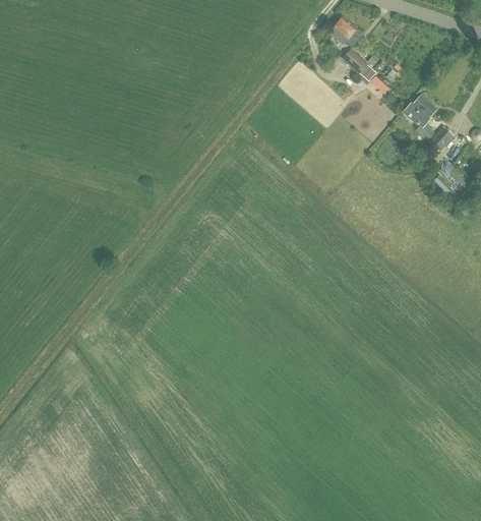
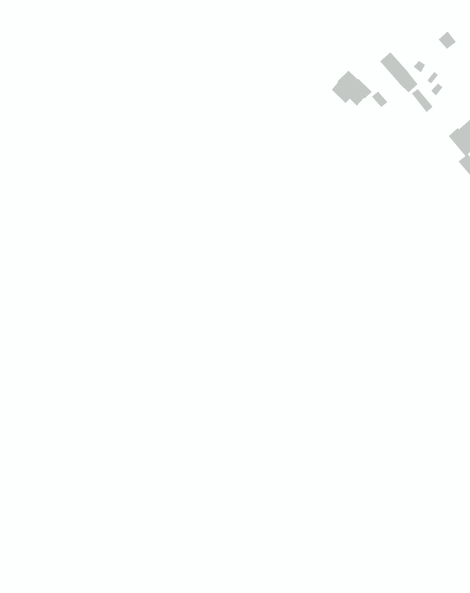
building: [329,17,363,46] -> [331,70,373,107]

